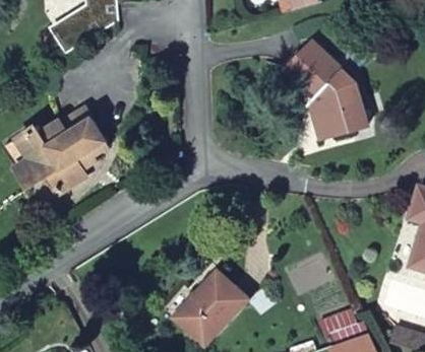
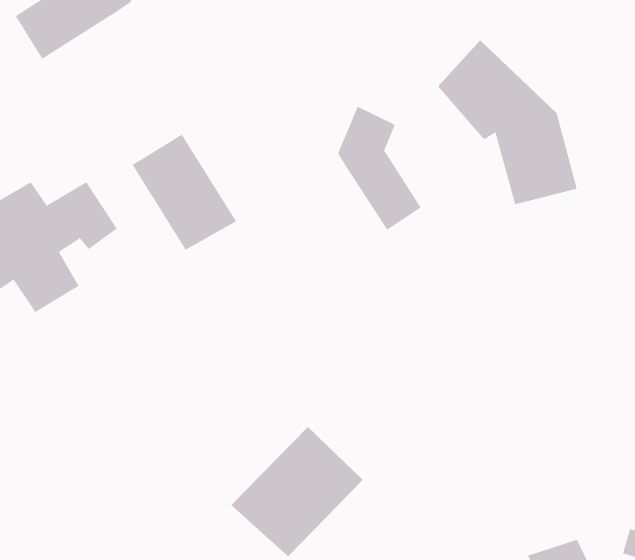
building: none -> [337,106,421,231]
building: none -> [132,134,237,250]

